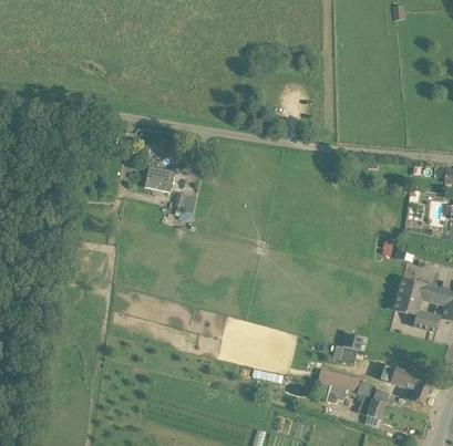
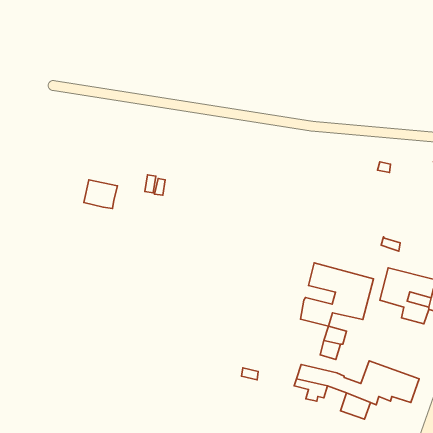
building: [144,164,175,190] -> [84,180,117,208]
building: none -> [300,263,373,326]

